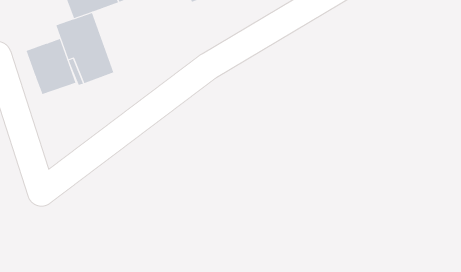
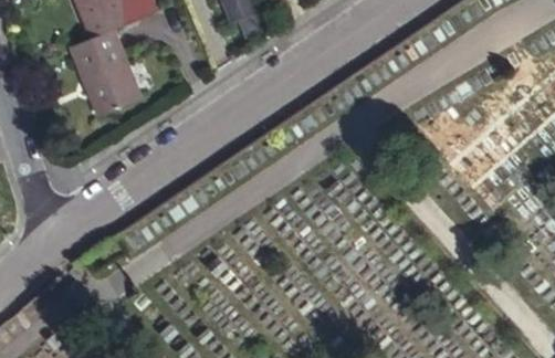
building: [26,38,76,95] -> none

